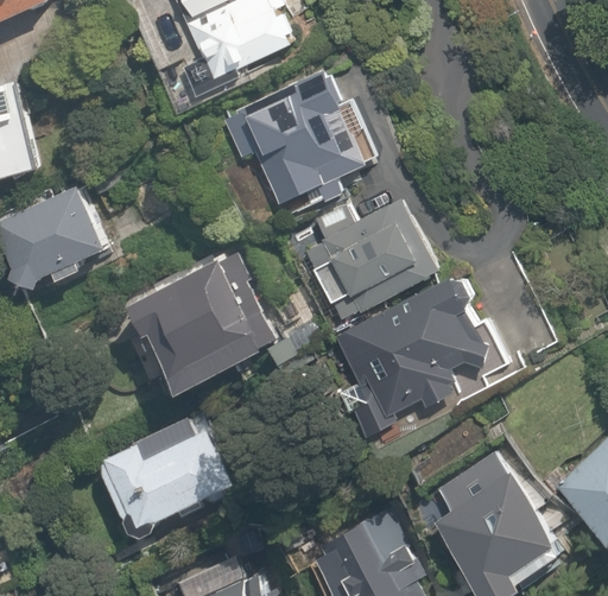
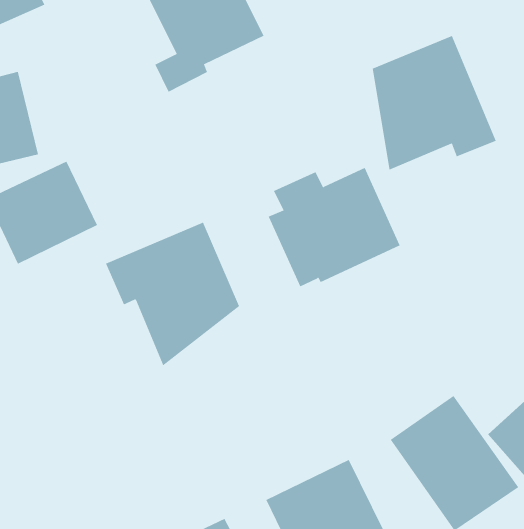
building: none -> [372,35,496,171]
building: [216,62,404,208] -> none
building: [325,274,501,440] -> none
building: [91,425,229,538] -> none

